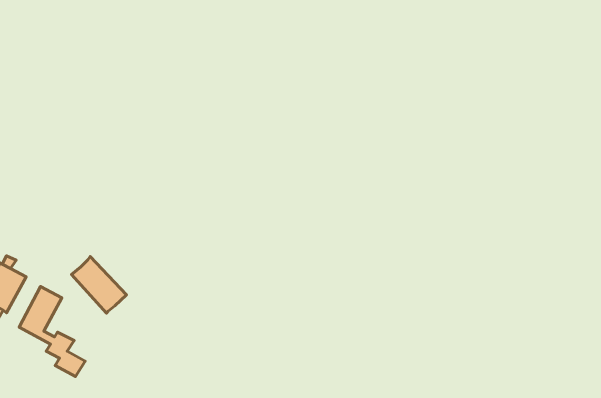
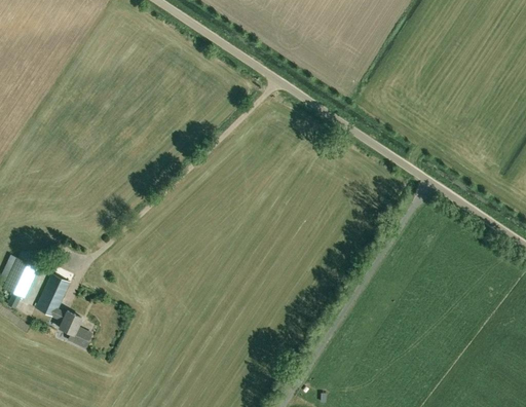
building: [71,256,126,313] -> none

